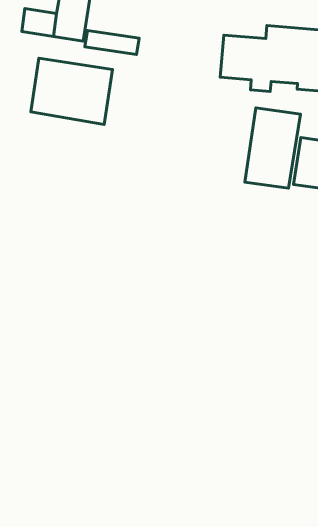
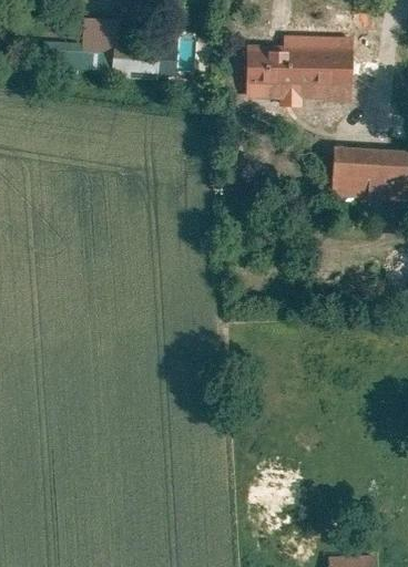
building: [31,58,113,125] -> none
building: [245,108,300,188] -> none

